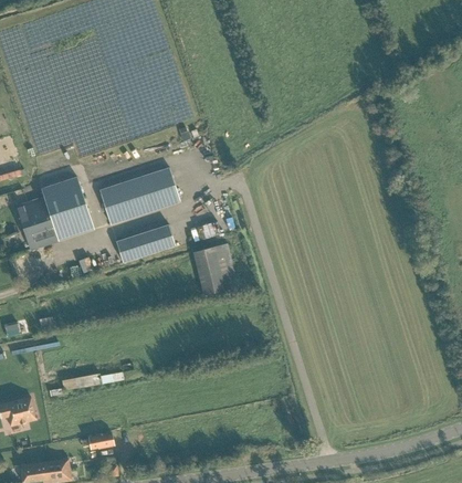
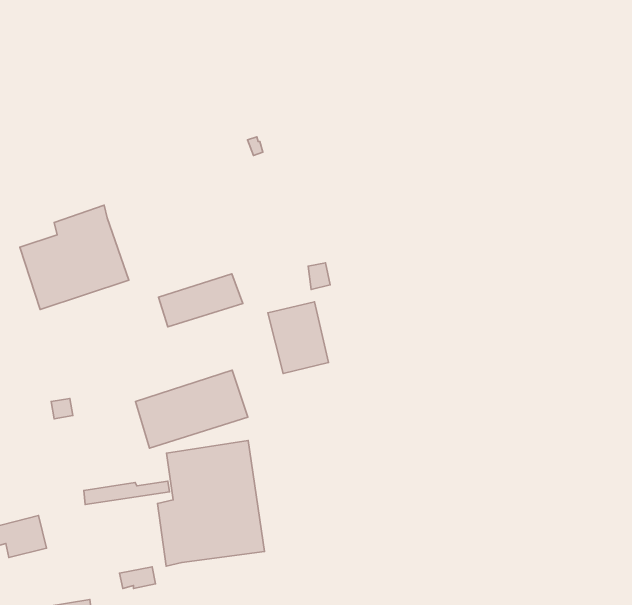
building: [101,169,180,224] -> [135,370,248,448]
building: none -> [157,440,265,566]

